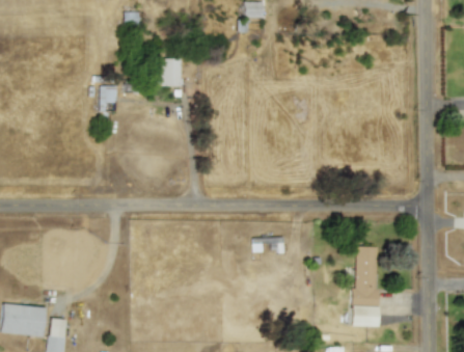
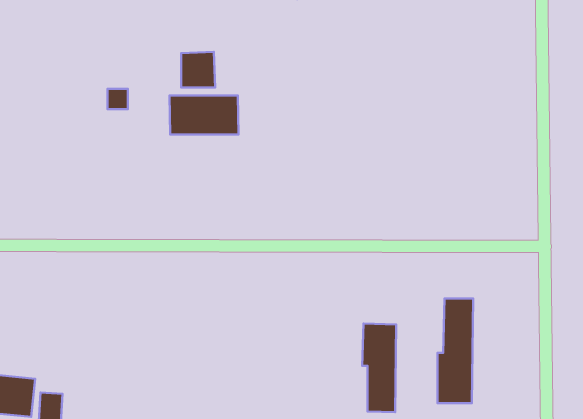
building: none -> [170,96,238,134]
building: none -> [362,324,396,412]

